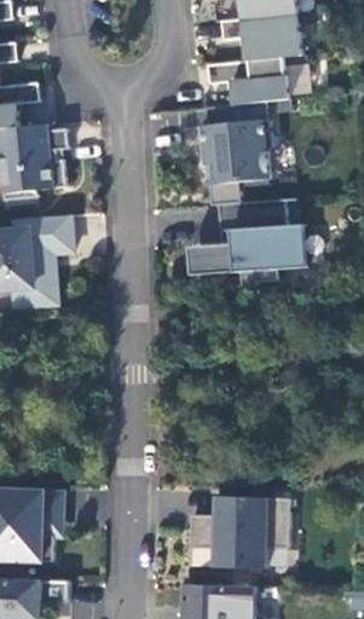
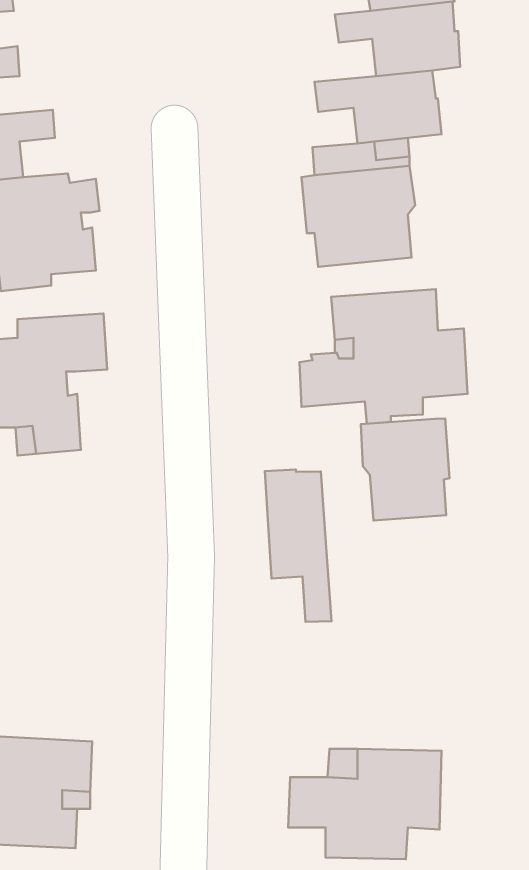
building: none -> [361,419,450,520]
building: none -> [265,470,332,622]

